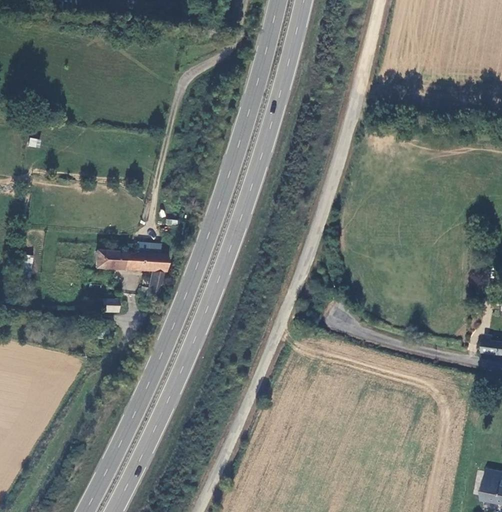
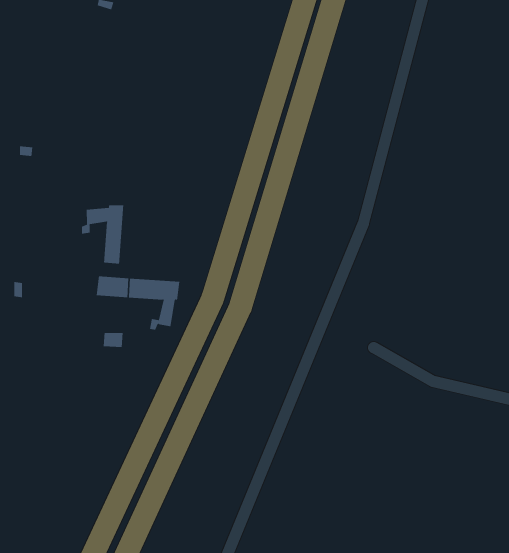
building: none -> [81,204,124,264]

